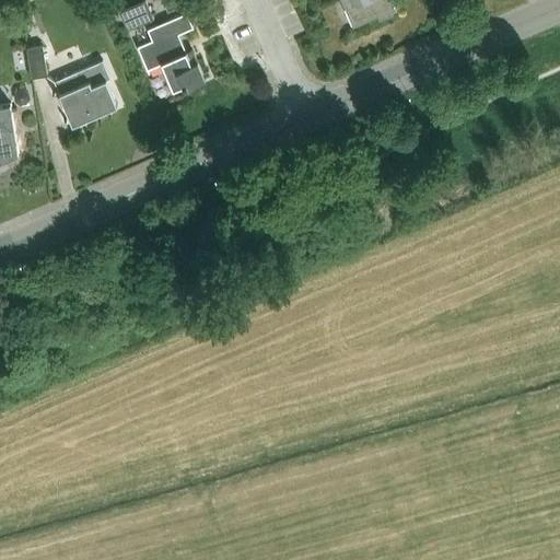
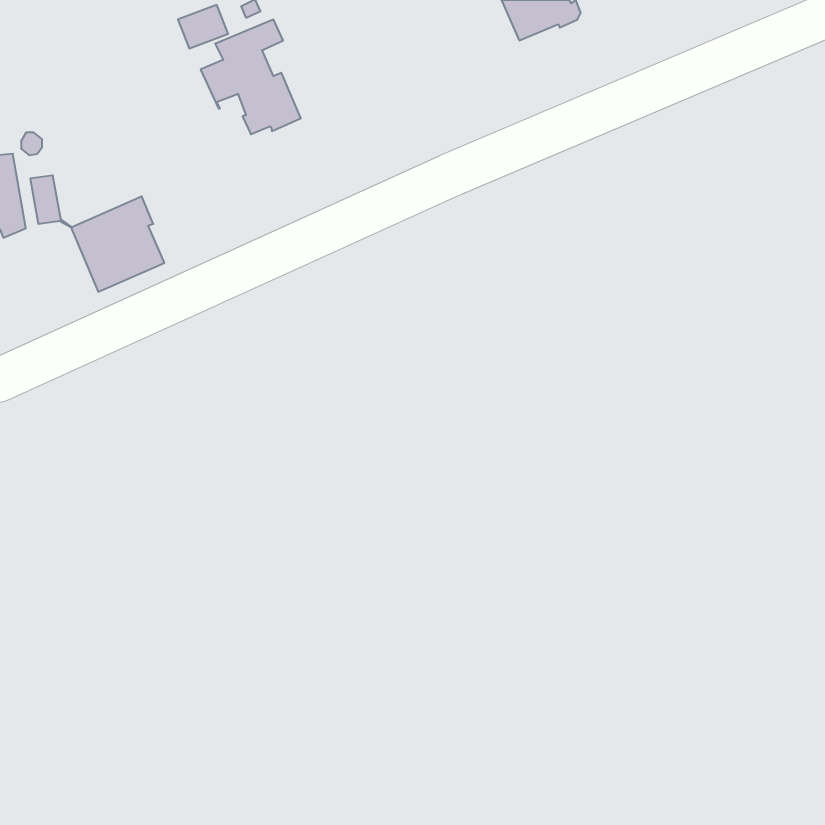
building: [25,47,116,126] -> [30,175,164,292]

